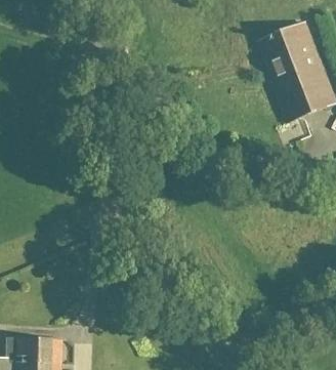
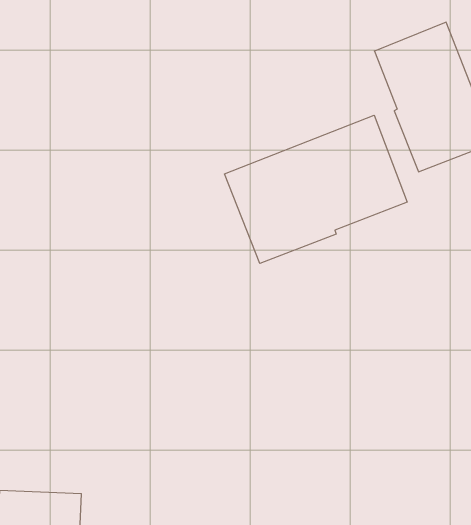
building: none -> [224,115,407,263]

